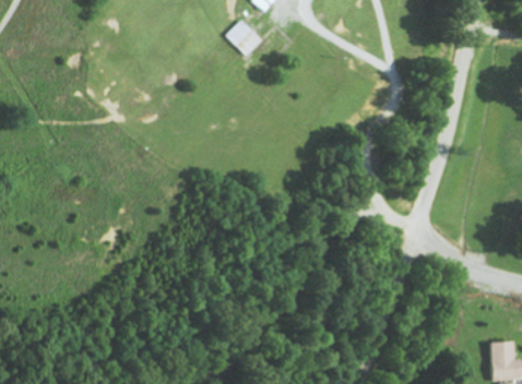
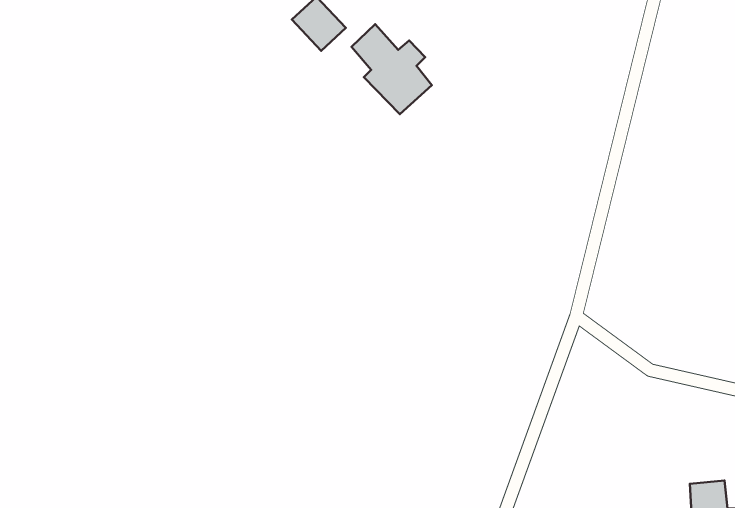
building: none -> [351,24,432,114]

